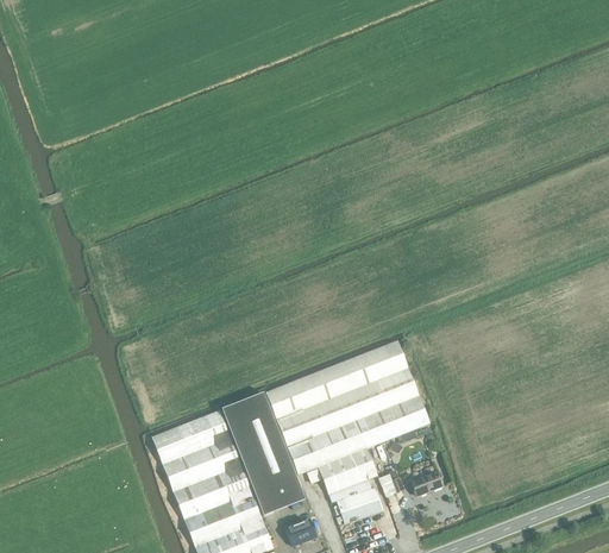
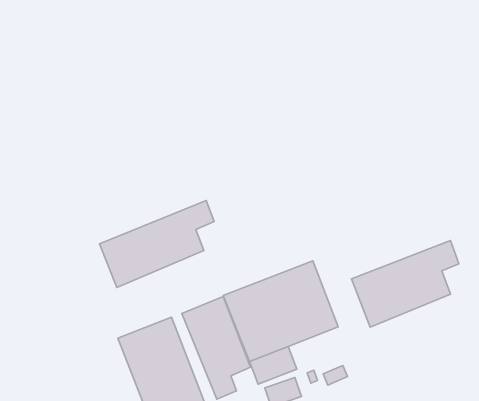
building: none -> [99,200,214,287]
building: none -> [351,240,459,327]

